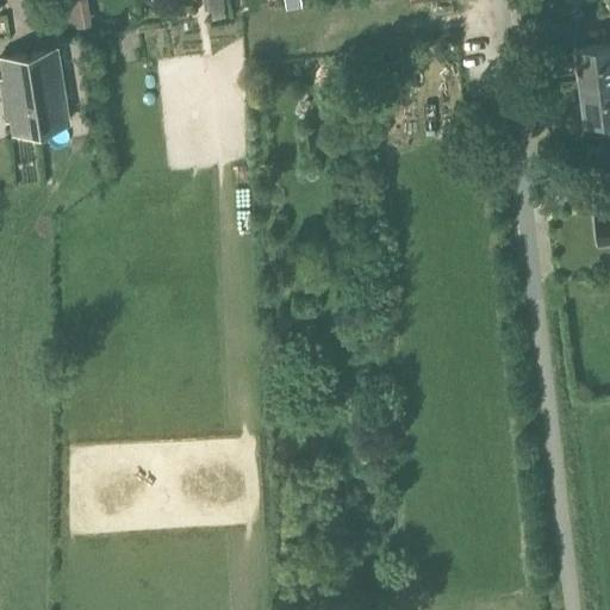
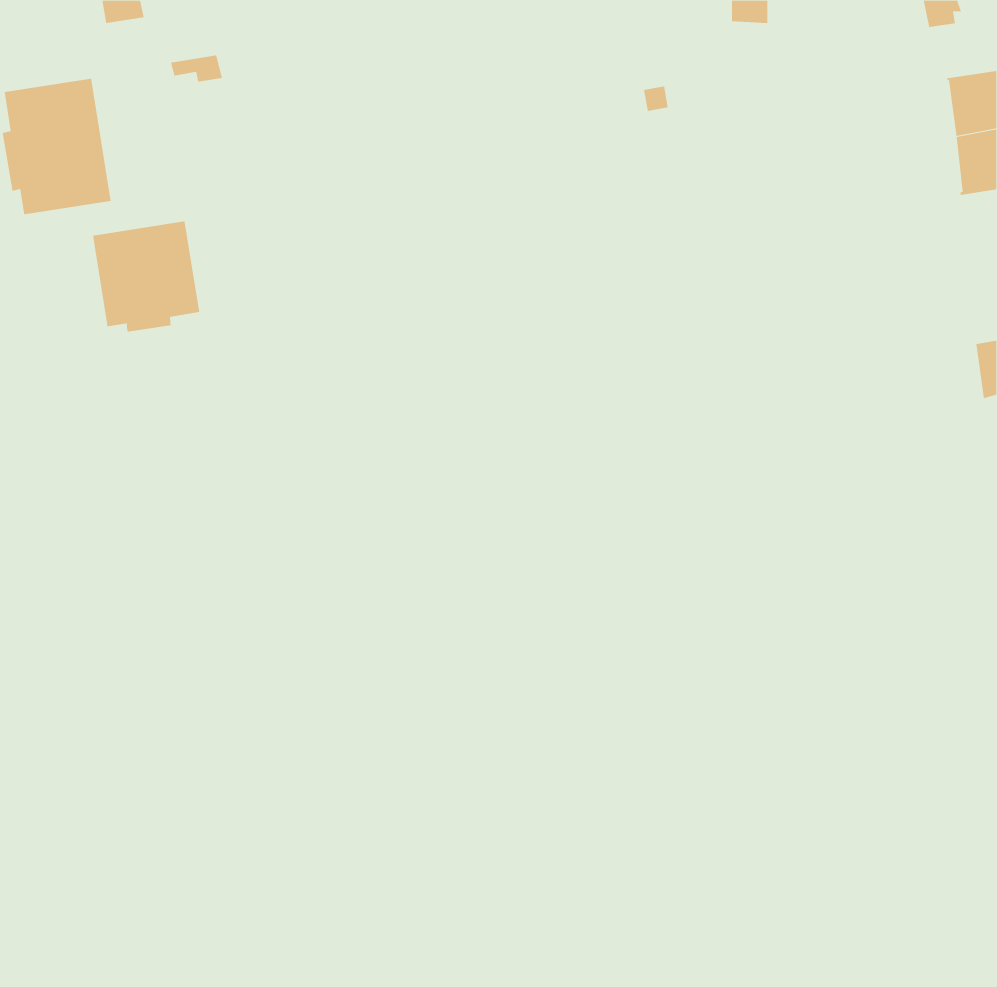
building: none -> [92,220,200,332]

